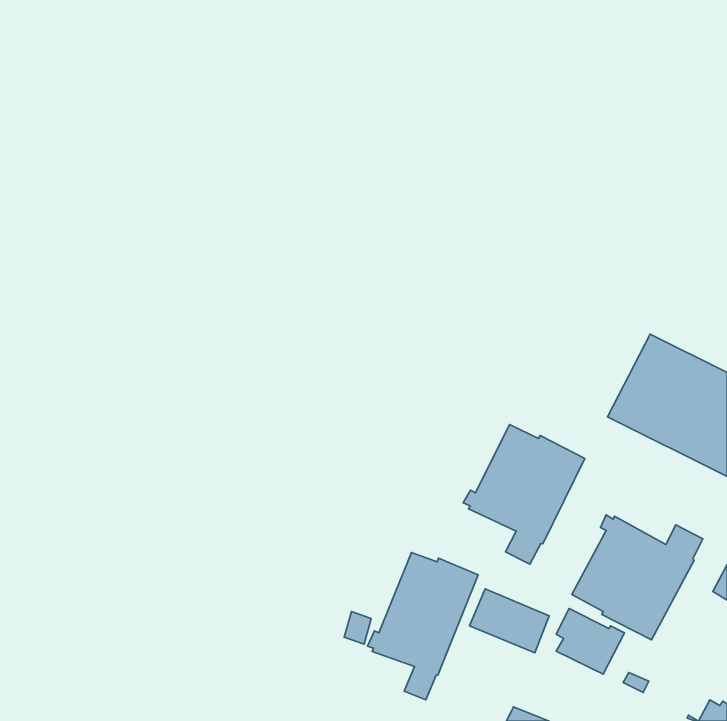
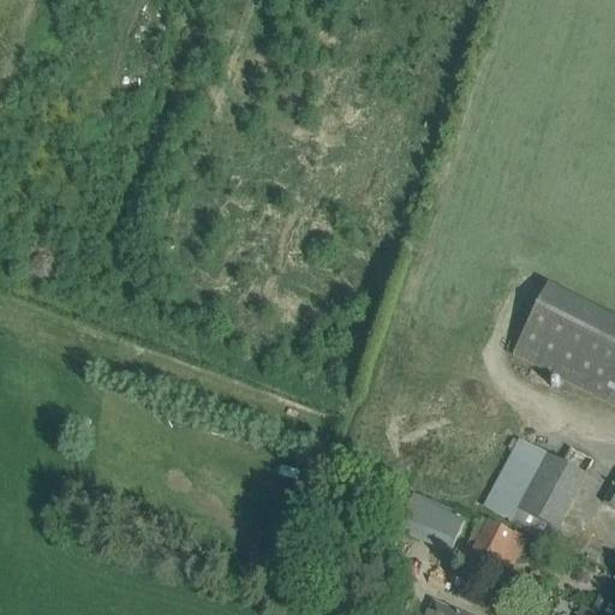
building: [463,425,585,564] -> none
building: [368,552,478,700] -> none

